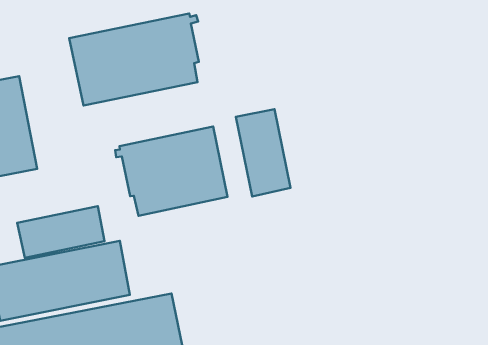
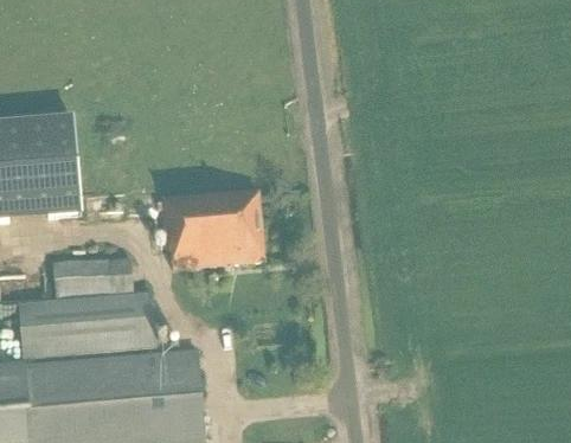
building: [69,13,199,106] -> none
building: [236,109,291,196] -> none

